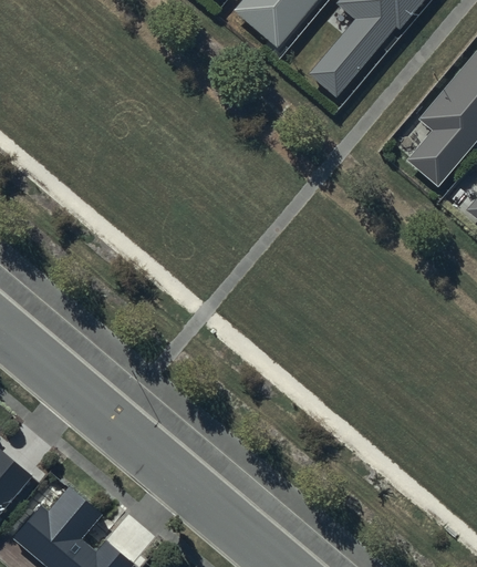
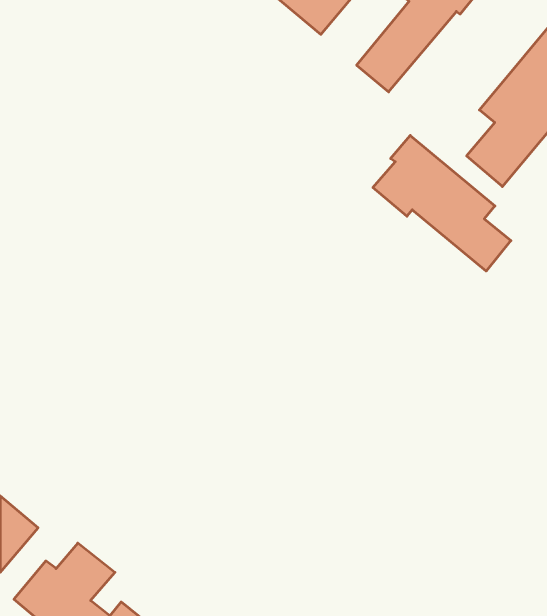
building: none -> [373,135,511,271]

